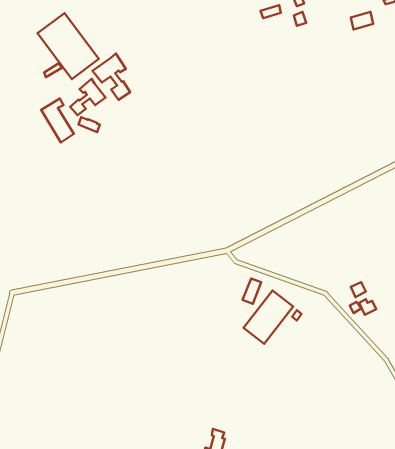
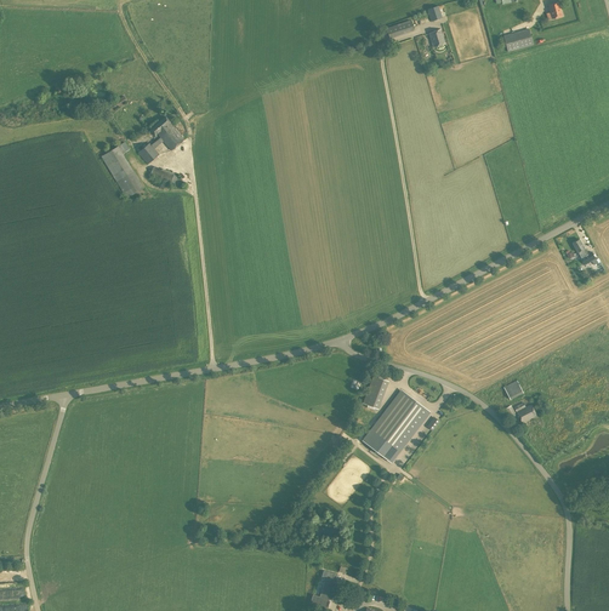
building: [37,13,99,79] -> none
building: [93,53,130,100] -> none

